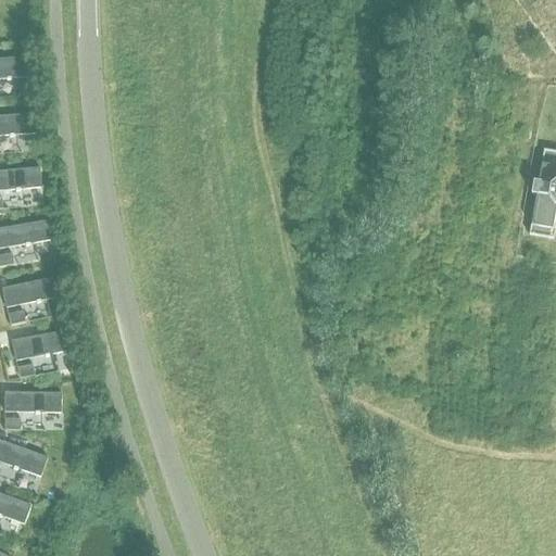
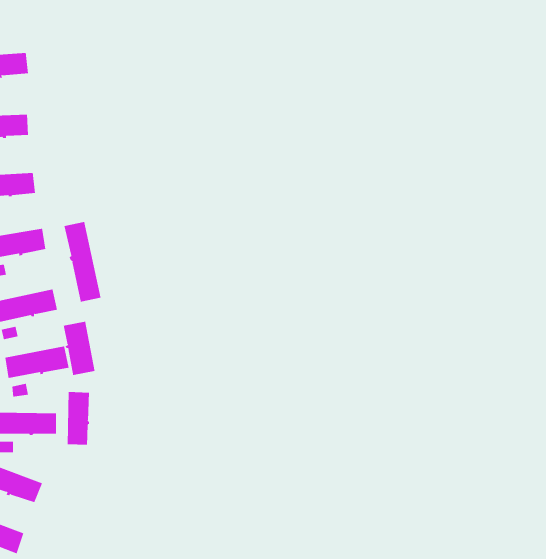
building: none -> [64,221,101,303]
building: none -> [63,321,95,376]
building: none -> [67,391,90,445]

